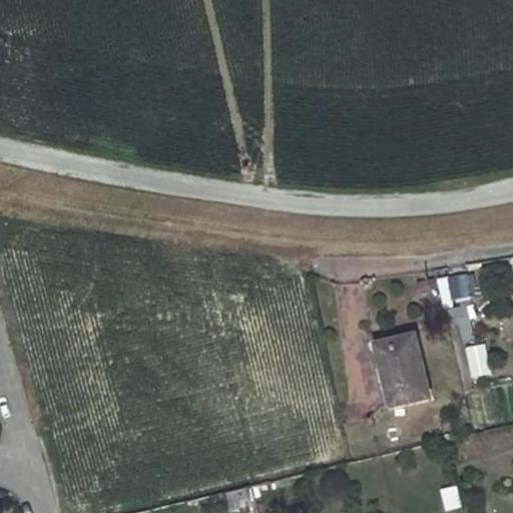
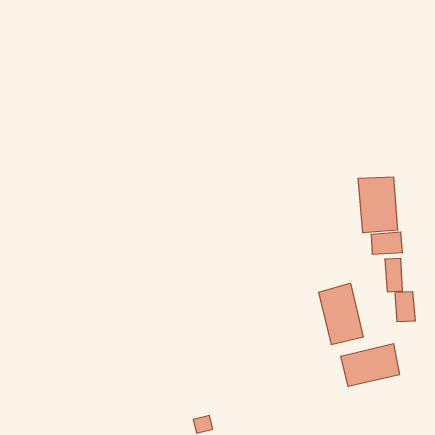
building: none -> [358,177,398,233]
building: none -> [341,344,399,387]

